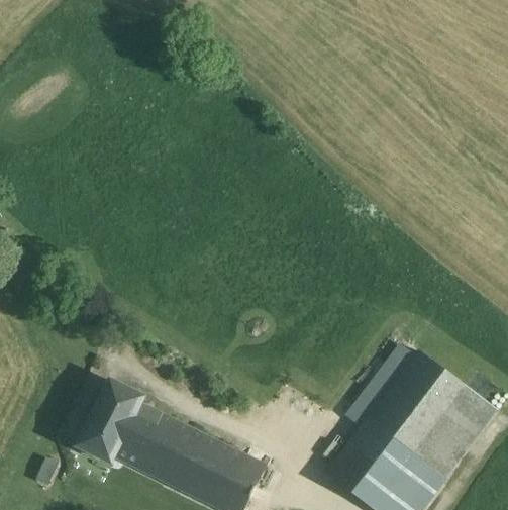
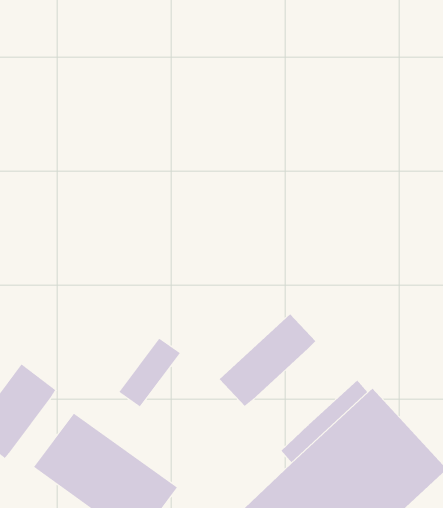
building: none -> [219,314,316,407]
building: [115,405,164,468] -> [118,338,181,407]

